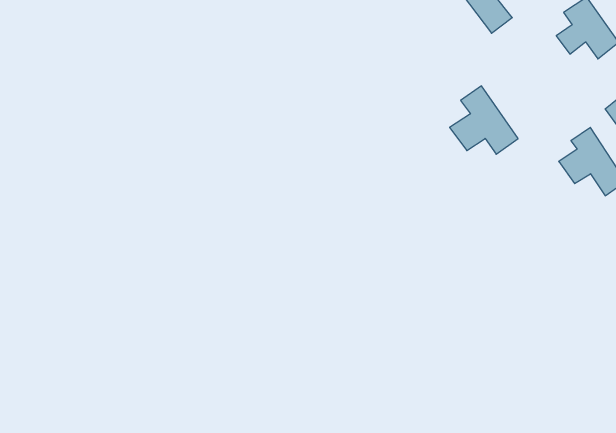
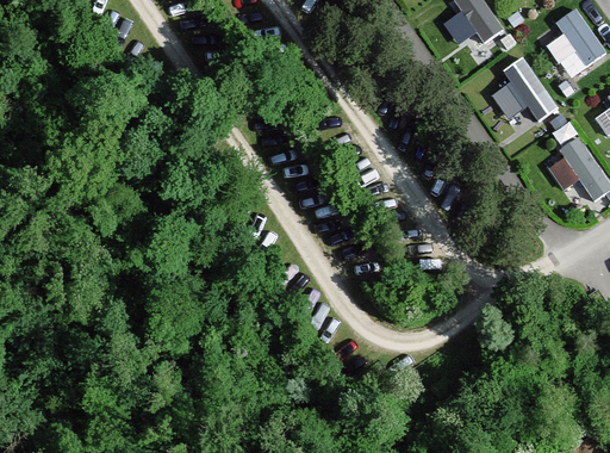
building: [450,86,518,154] -> [491,56,558,123]

